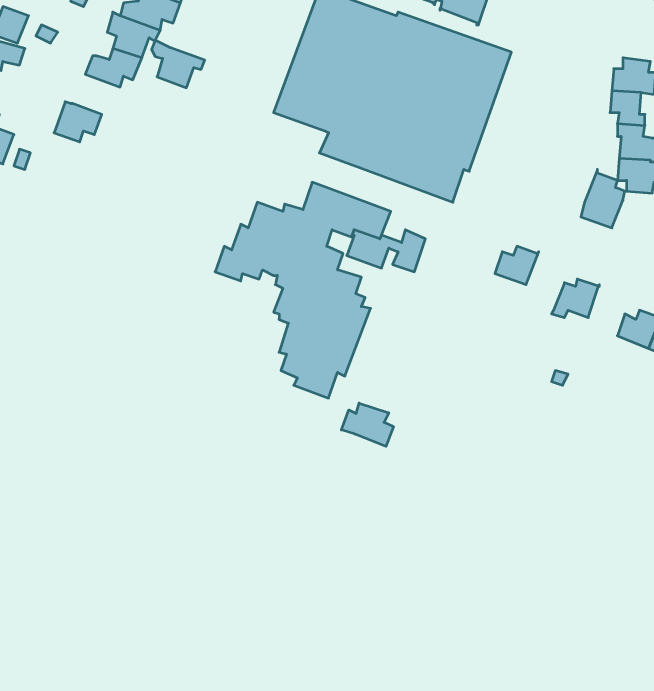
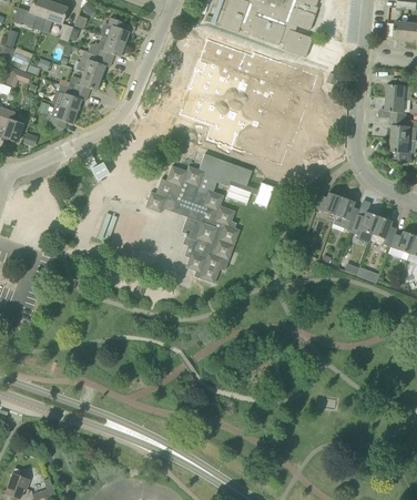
building: [152,40,205,88] -> [55,83,88,112]
building: [581,169,625,228] -> [332,195,358,231]
building: none -> [369,215,396,246]
building: [341,403,393,446] -> none

